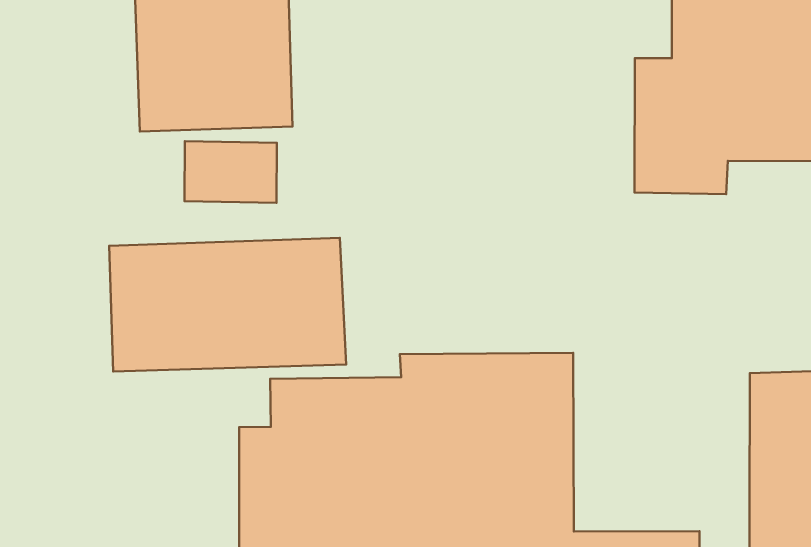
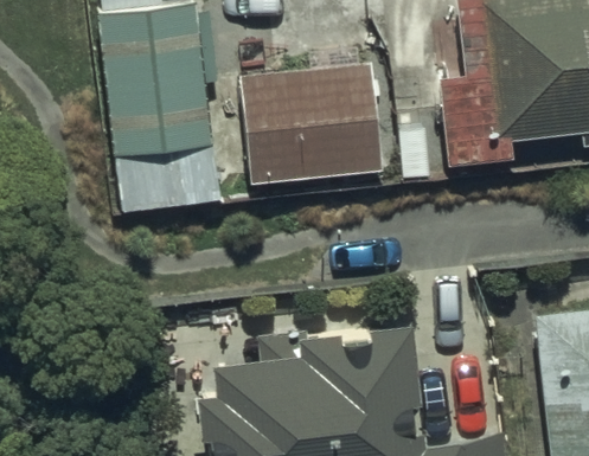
building: none -> [239,69,385,195]
building: [109,238,346,372] -> none

